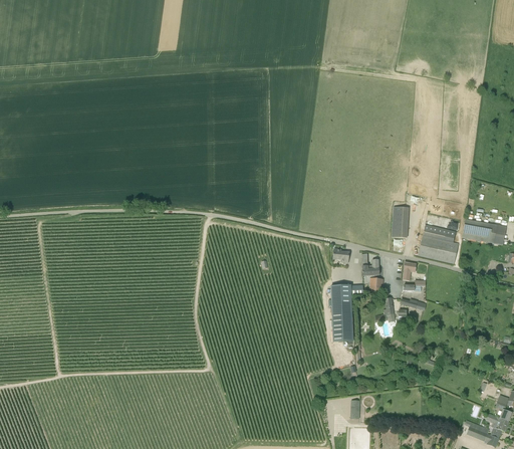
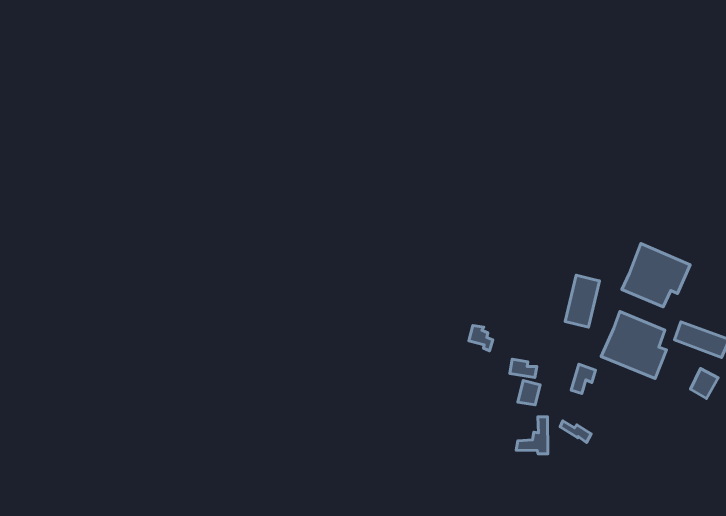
building: none -> [622,243,690,307]
building: [330,285,363,341] -> none

